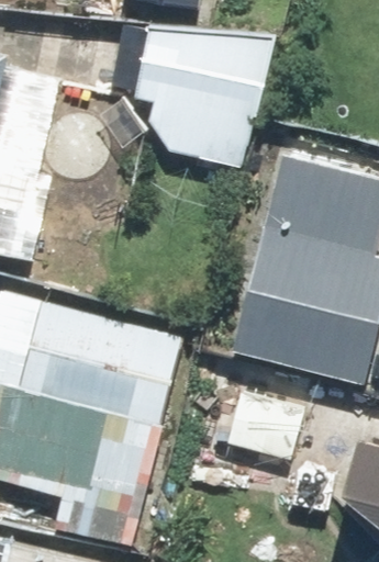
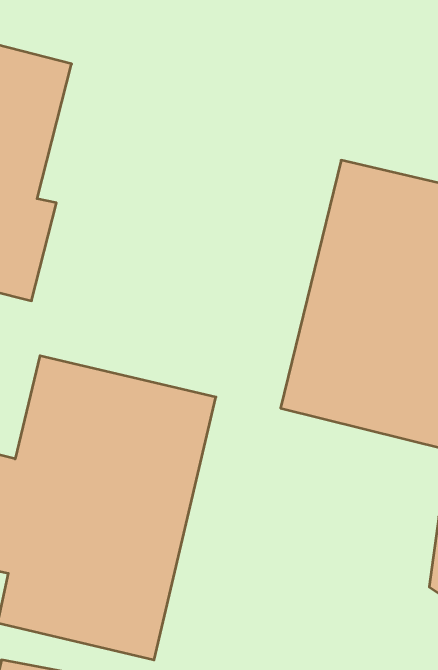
building: [134,31,271,167] -> none

